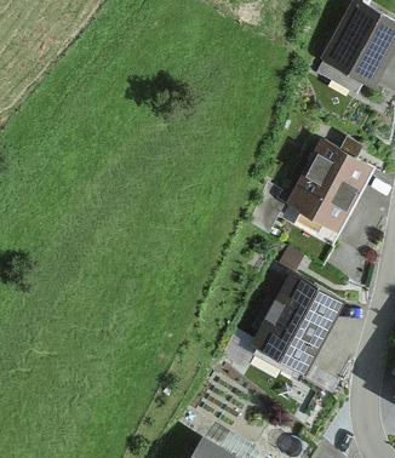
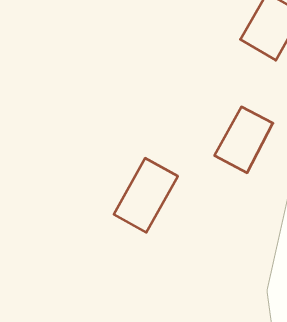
building: [253,281,334,376] -> [114,158,178,232]

